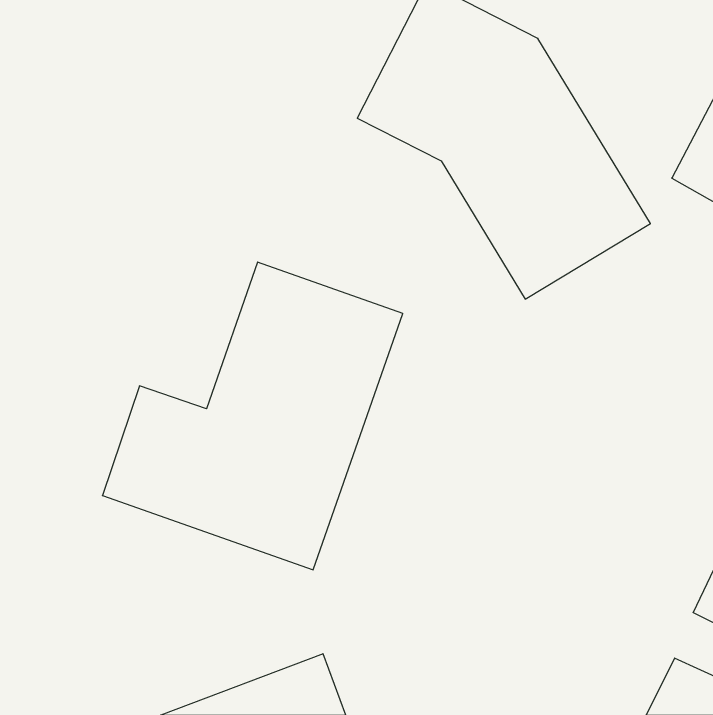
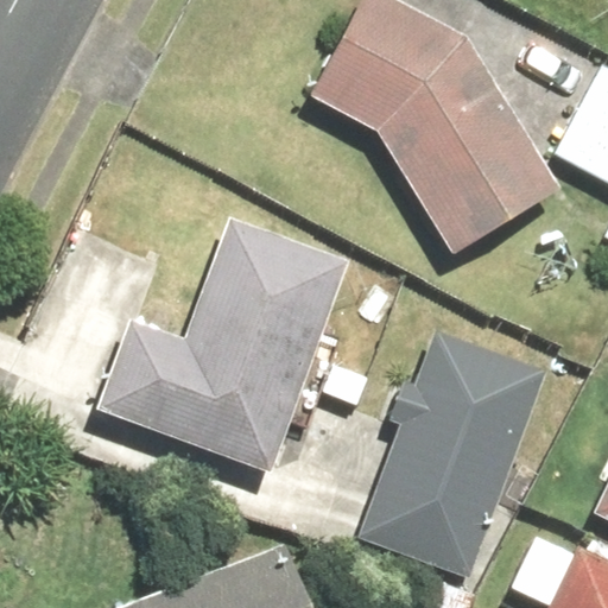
building: none -> [362,332,542,576]

